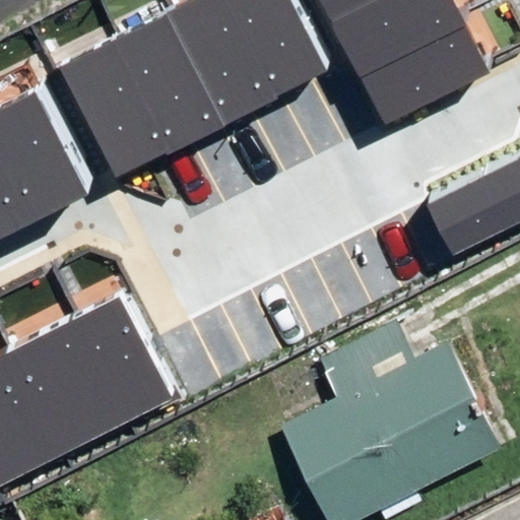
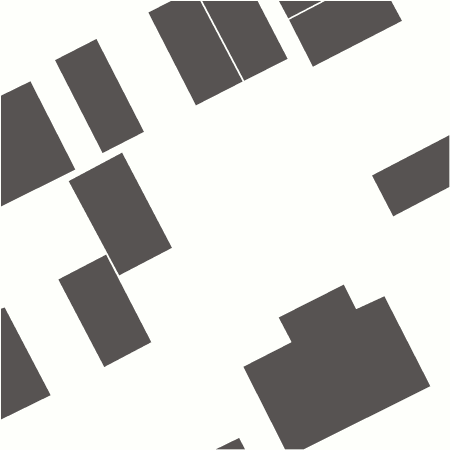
building: [112,14,225,152] -> none
building: [361,24,491,127] -> none
building: none -> [68,152,173,277]
building: [6,322,120,456] -> none

